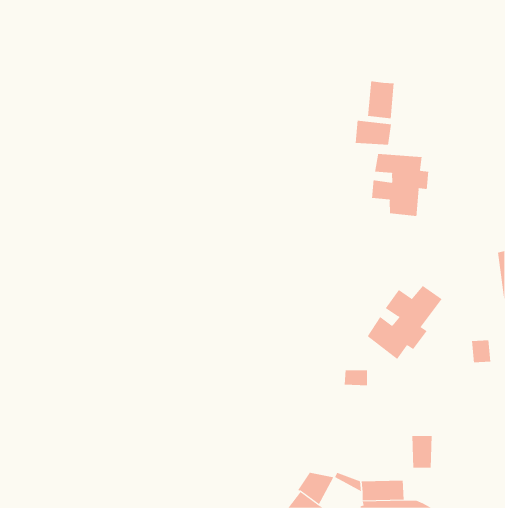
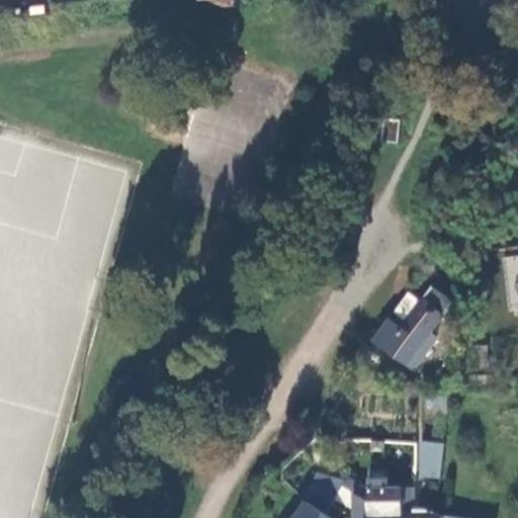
building: [368,80,394,119] -> none
building: [371,153,429,217] -> none

